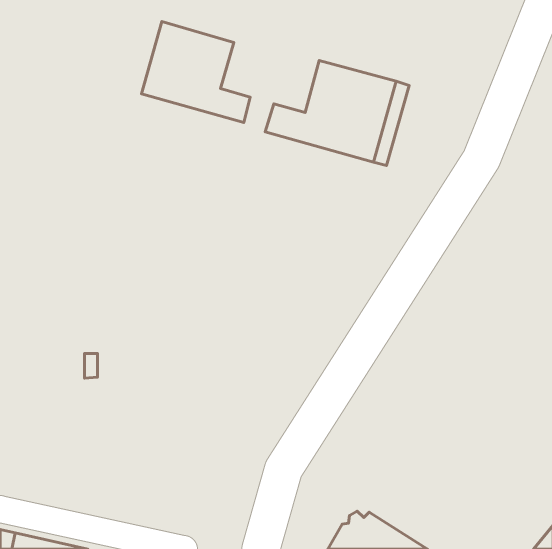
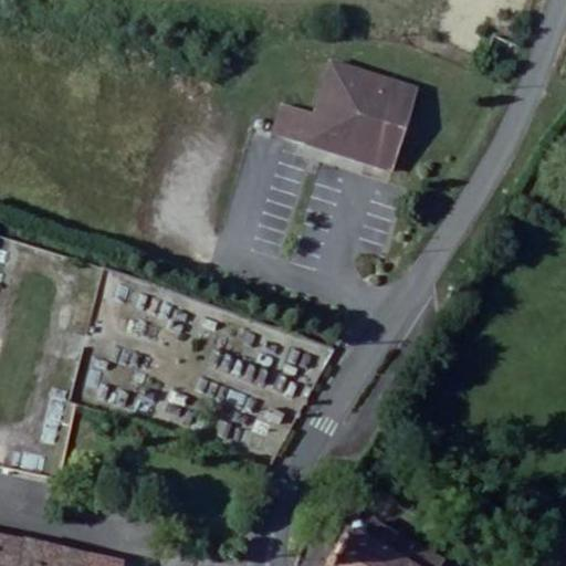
building: [141,21,250,122] -> none

